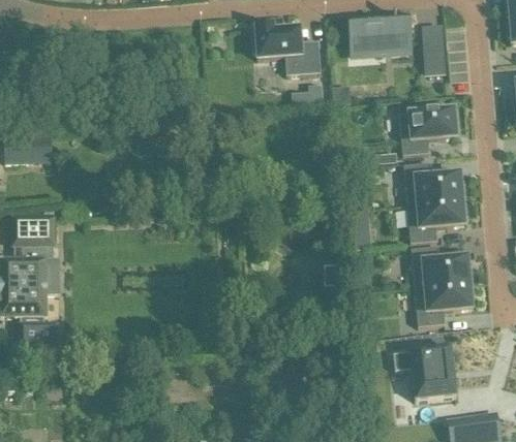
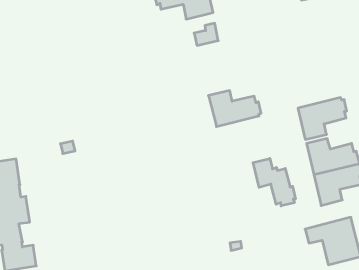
building: [399,109,458,156] -> none
building: [403,162,464,203] -> [208,91,261,127]
building: none -> [253,158,295,206]

